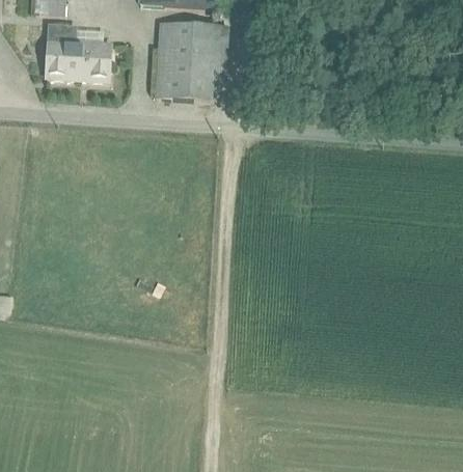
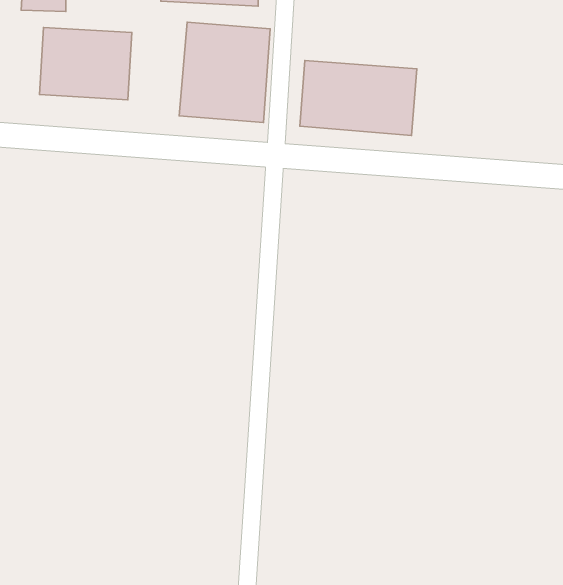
building: none -> [300,60,417,135]

